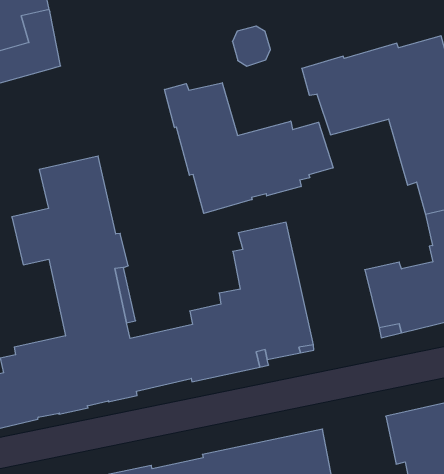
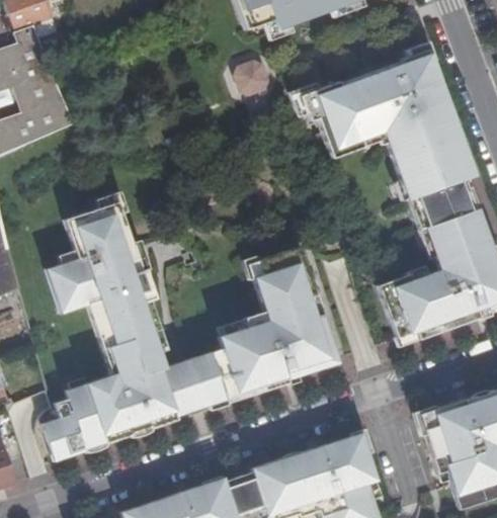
building: [165,83,333,213] -> none

